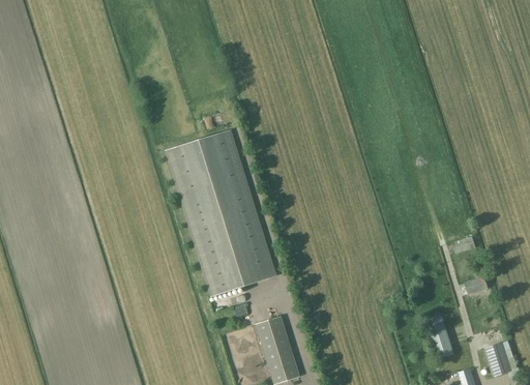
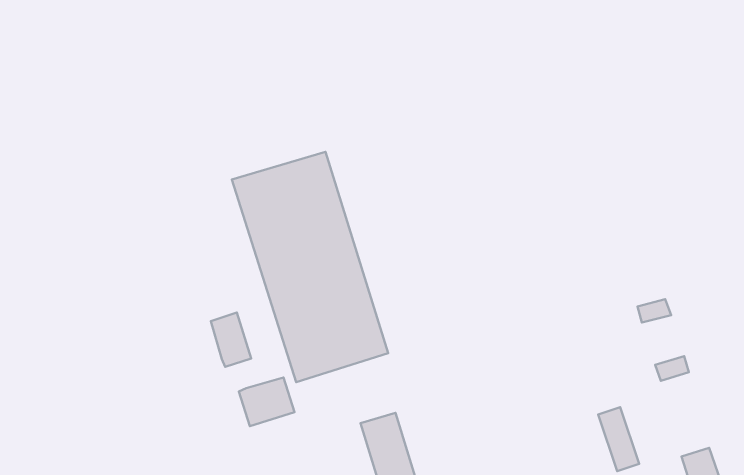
building: none -> [211,313,251,367]
building: none -> [239,378,295,426]

